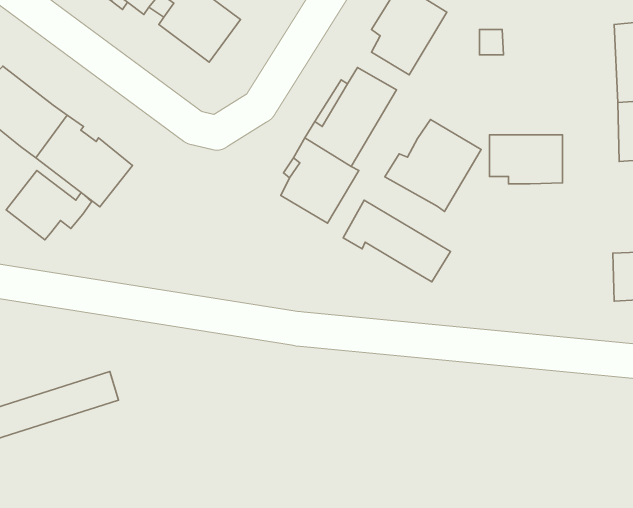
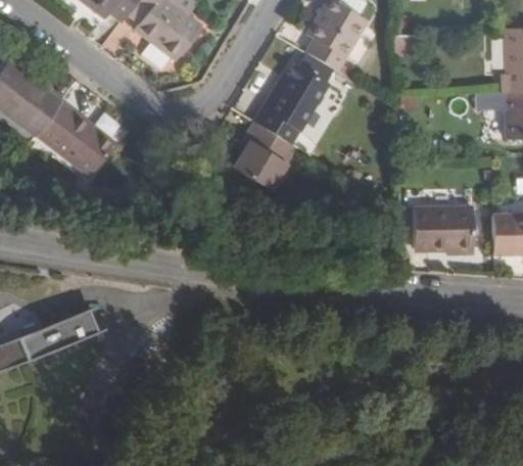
building: [385,119,481,211] -> none
building: [490,135,562,184] -> [417,209,476,249]
building: [6,170,92,240] -> none
building: [343,200,450,282] -> none

